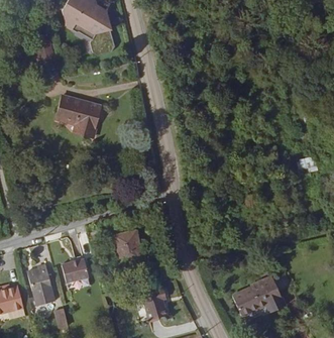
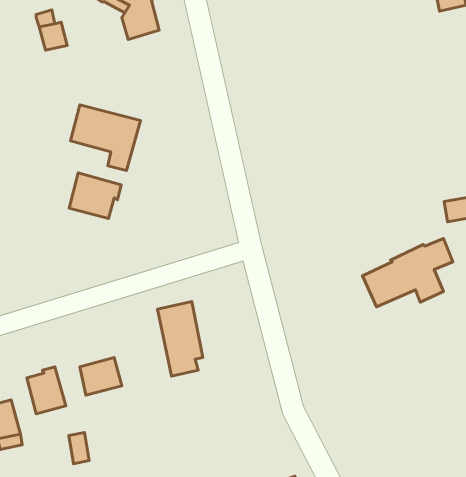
building: none -> [69,173,121,218]
building: [232,271,291,316] -> [362,238,453,307]
building: [140,288,168,321] -> none

